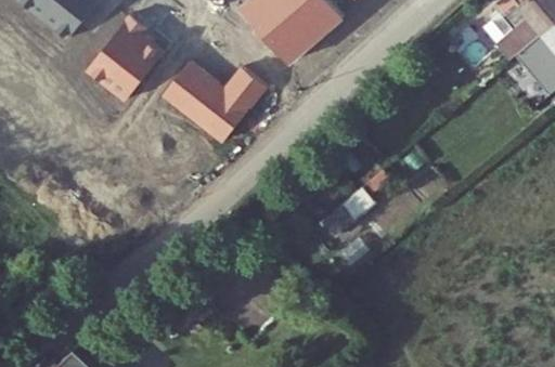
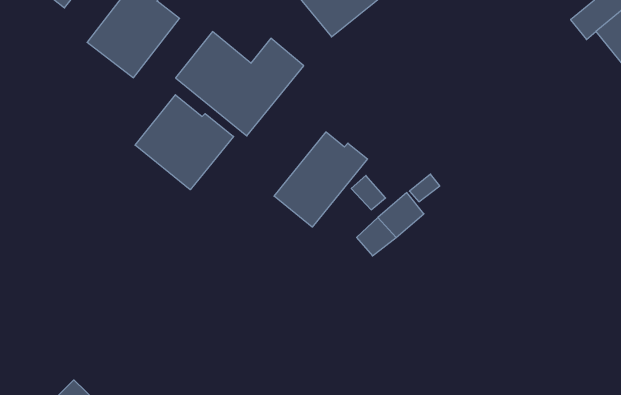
building: none -> [135,95,234,190]
building: none -> [274,132,368,227]

